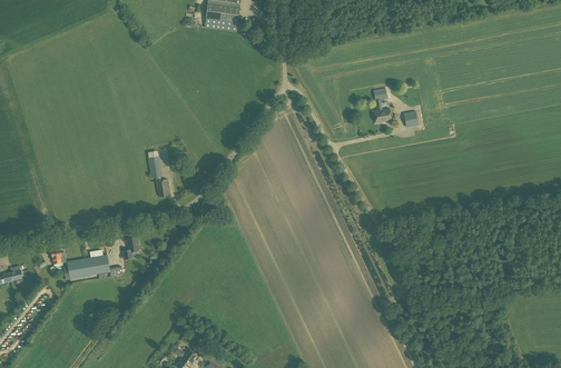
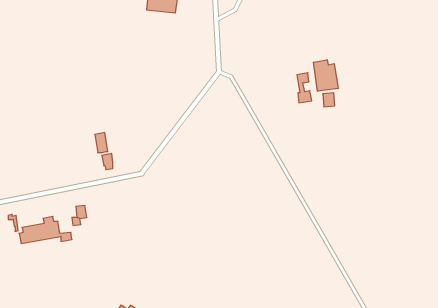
building: none -> [313,60,338,91]

